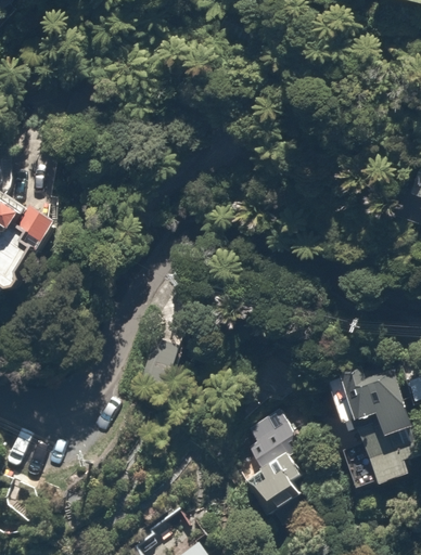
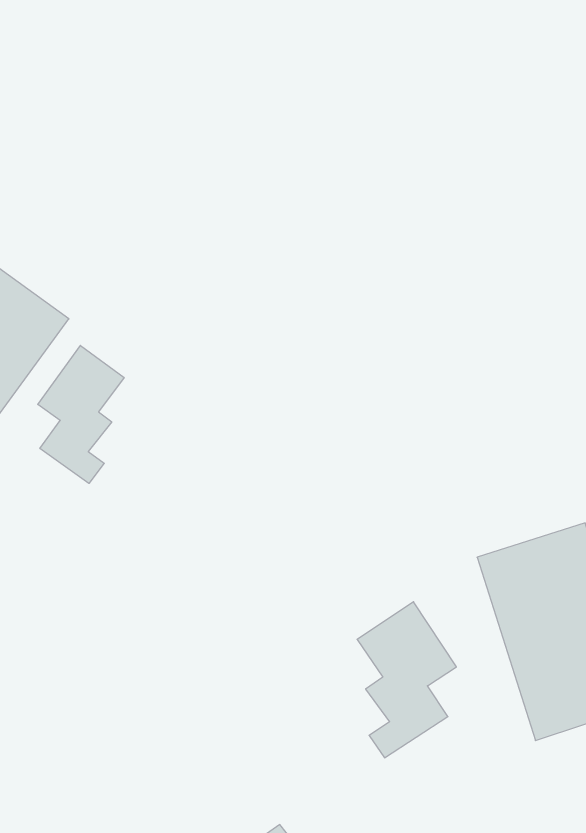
building: none -> [38,345,124,483]

